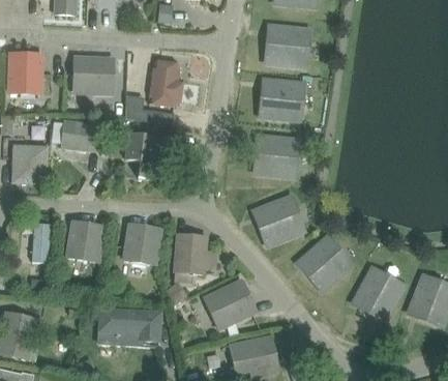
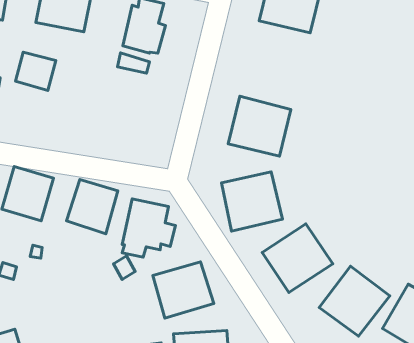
building: [257,76,306,121] -> none
building: [125,133,157,179] -> none
building: [96,307,160,348] -> none

